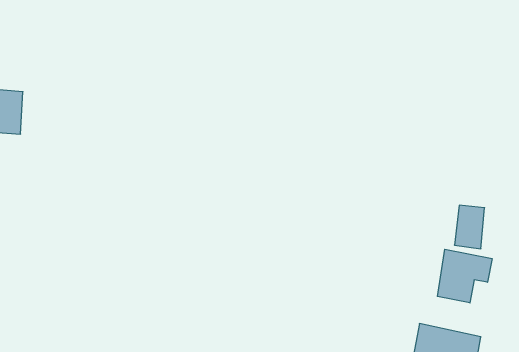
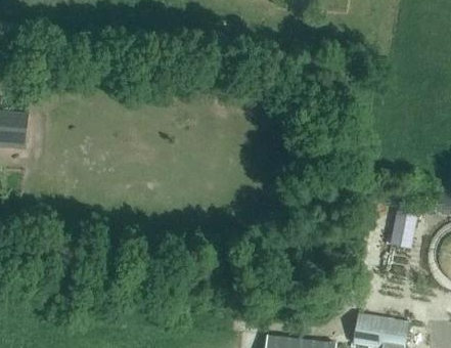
building: [437,249,492,303] -> none

